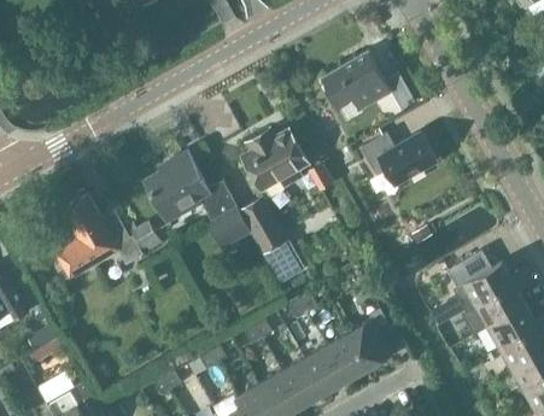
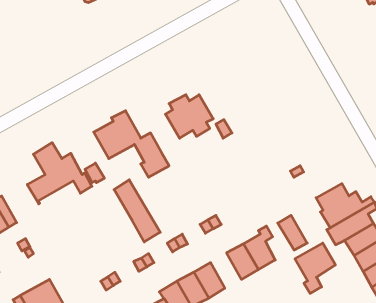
building: [323,51,416,117] -> none
building: [362,133,438,184] -> none
building: [242,198,305,282] -> [114,180,160,242]
building: none -> [278,215,307,250]
building: none -> [295,243,335,293]
building: [305,345,347,393] -> none

